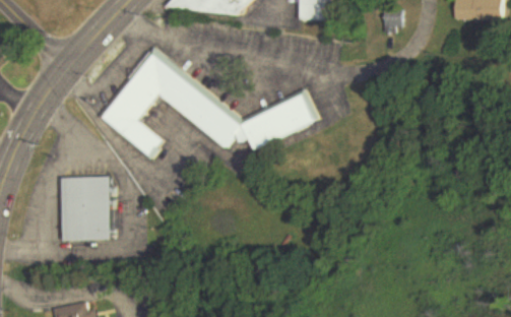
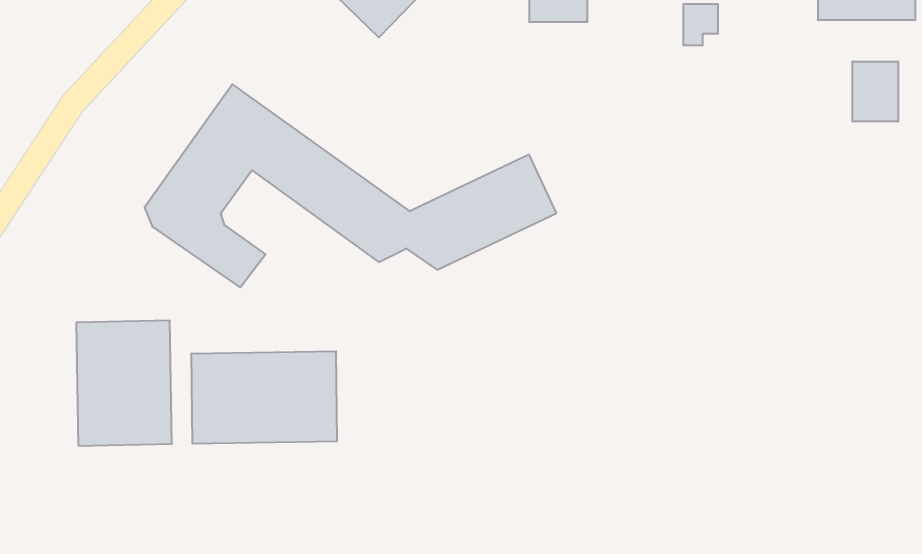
building: none -> [852,61,898,122]
building: none -> [191,351,337,444]

